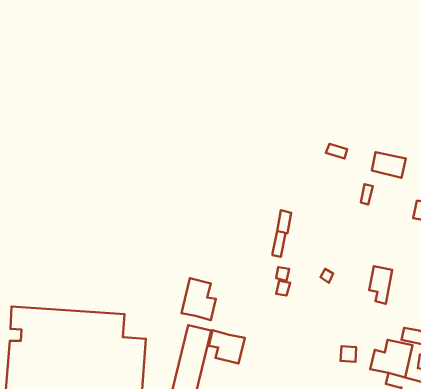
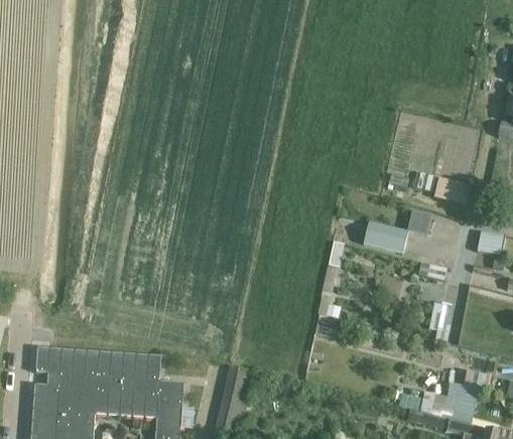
building: none -> [363,223,407,254]
building: [181,278,216,320] -> none
building: [209,330,245,364] -> none

